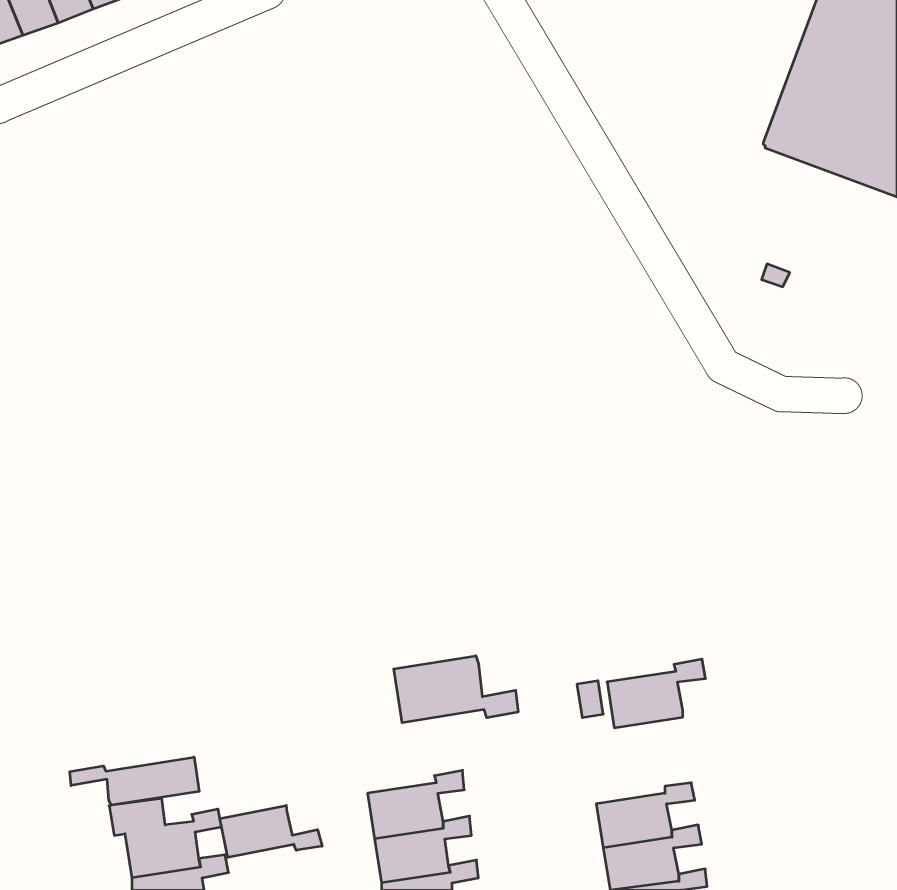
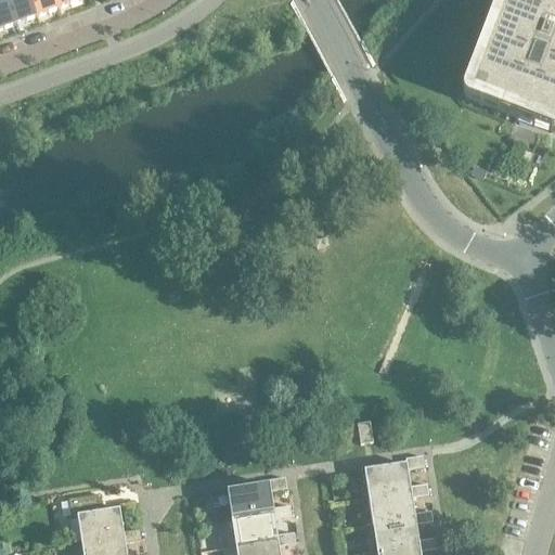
building: [394,656,518,723] -> none
building: [607,659,706,728] -> [363,453,424,495]
building: [70,757,199,805] -> none
building: [220,805,322,857] -> none

